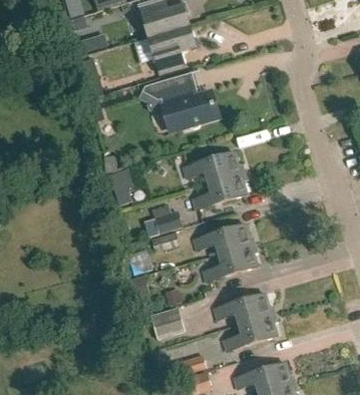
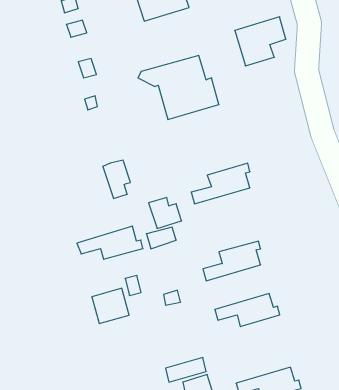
building: [147,25,196,71] -> [235,17,286,66]
building: [183,151,245,182] -> none
building: [193,224,255,255] -> [77,226,143,259]
building: [150,306,186,339] -> [92,288,129,324]
building: [223,314,278,351] -> none

